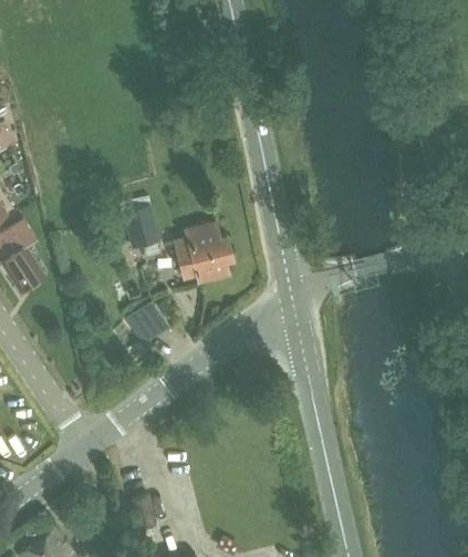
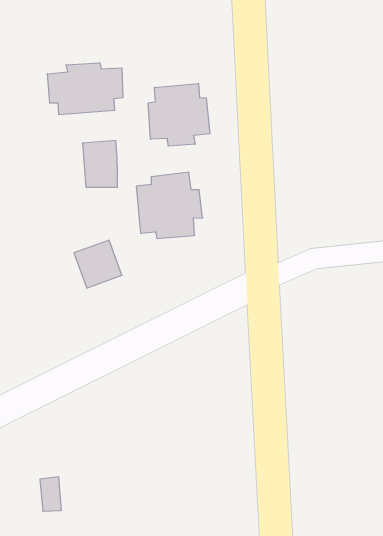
building: none -> [47,63,123,115]
building: none -> [148,83,210,146]

